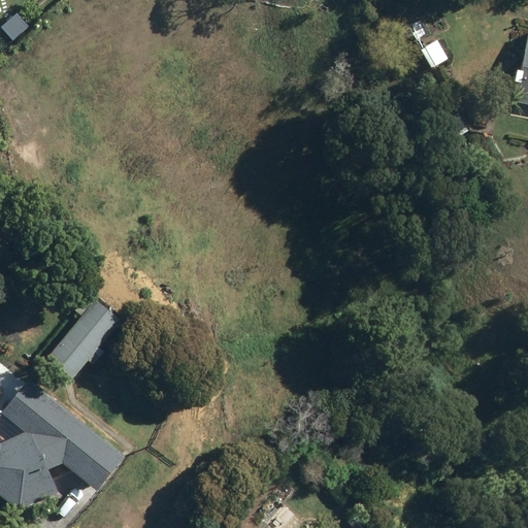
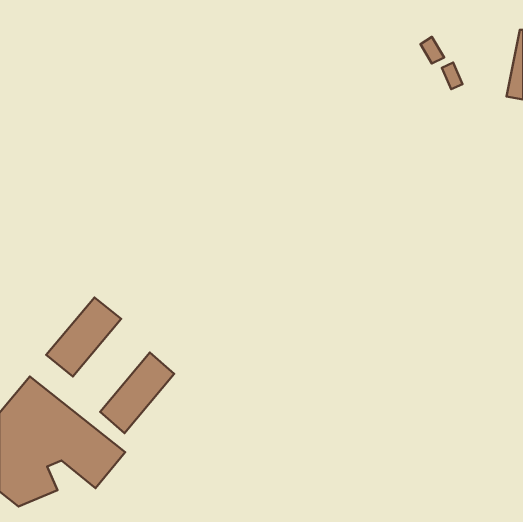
building: none -> [100,352,174,433]

